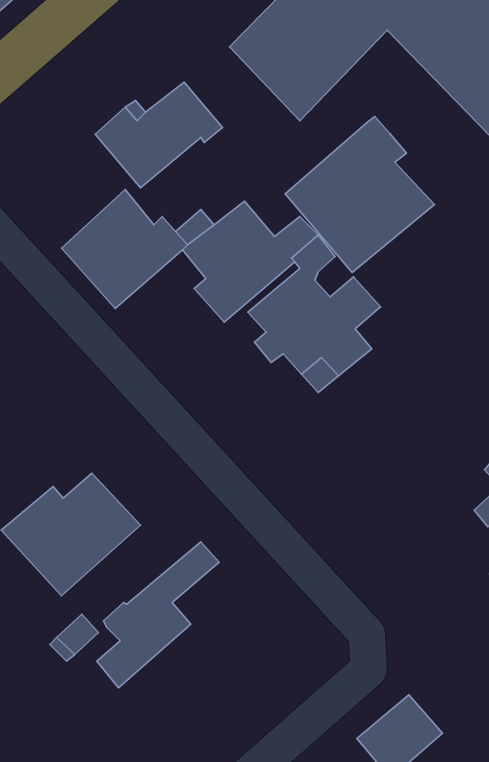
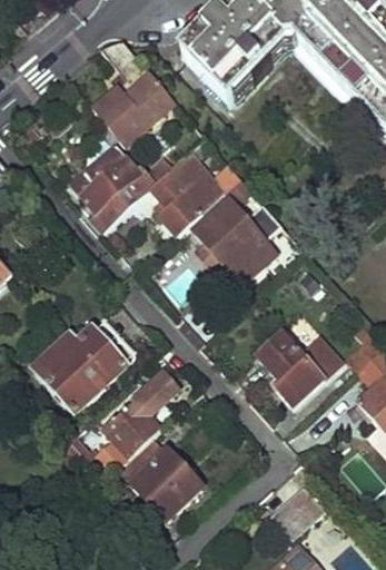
building: [285,116,435,272] -> none
building: none -> [258,330,339,403]
building: none -> [122,439,200,519]

